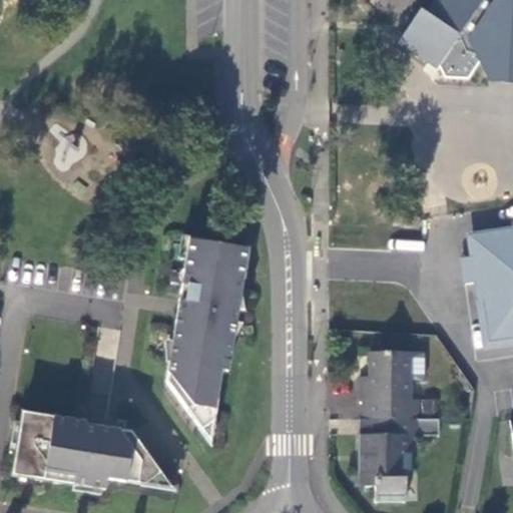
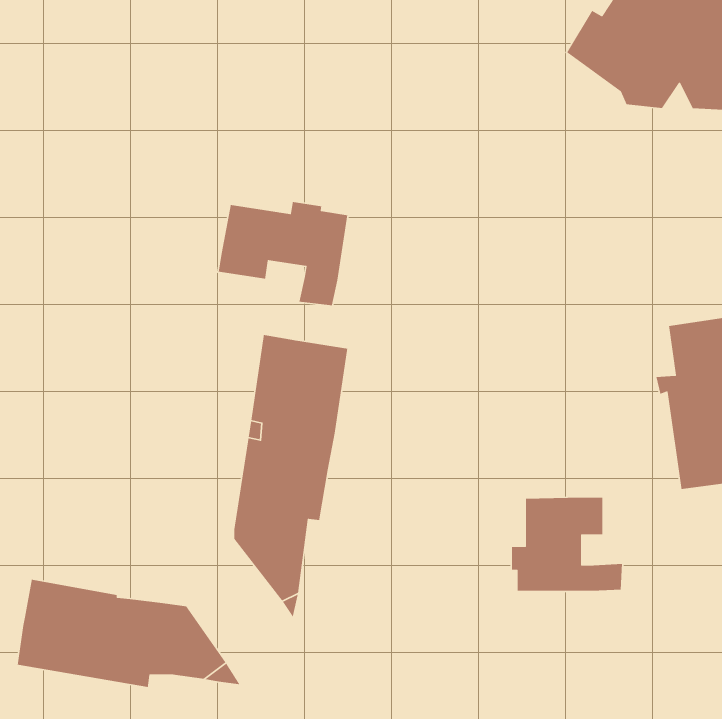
building: none -> [218,201,348,306]
building: [363,418,441,503] -> none

